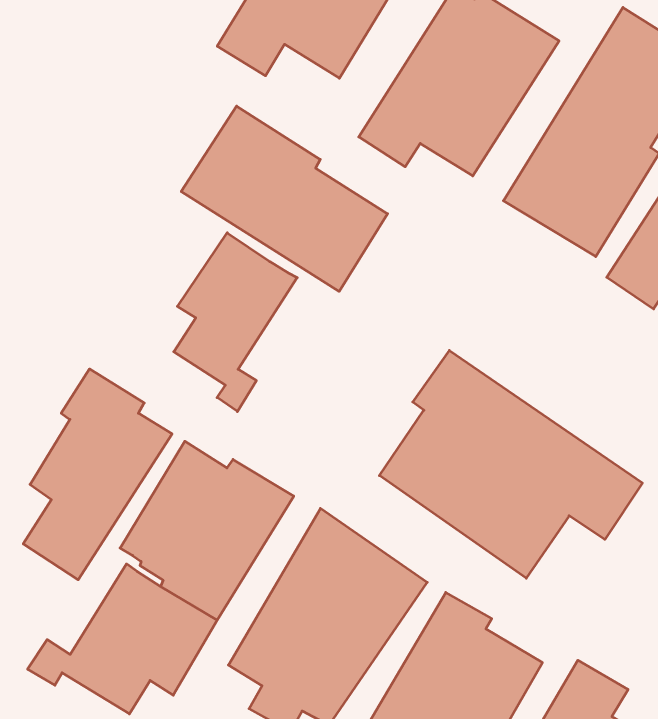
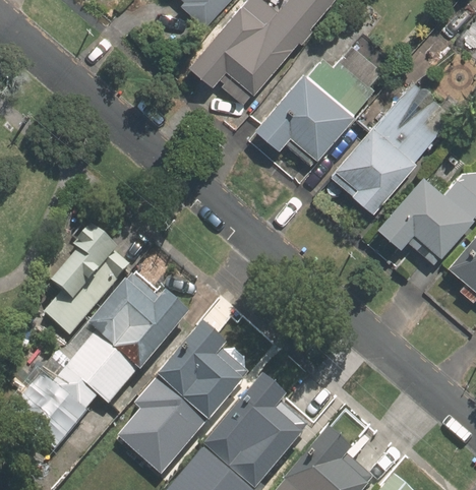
building: [181,106,388,291] -> none
building: [174,233,297,412] -> none
building: [379,350,642,578] -> none

